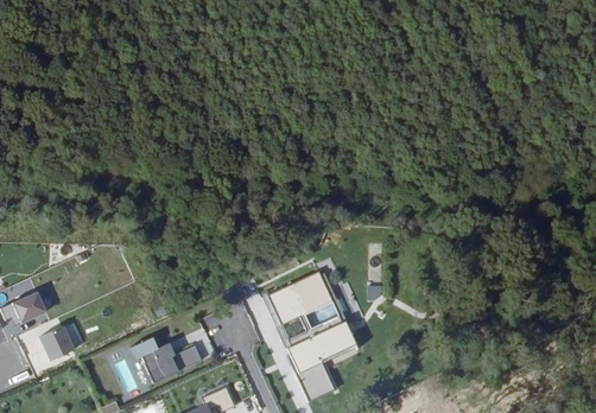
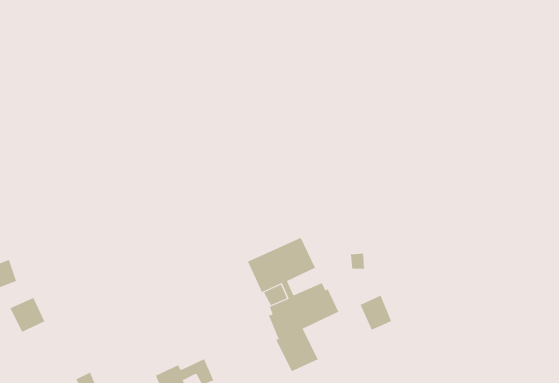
building: none -> [360,295,392,330]
building: [132,336,202,385] -> none

